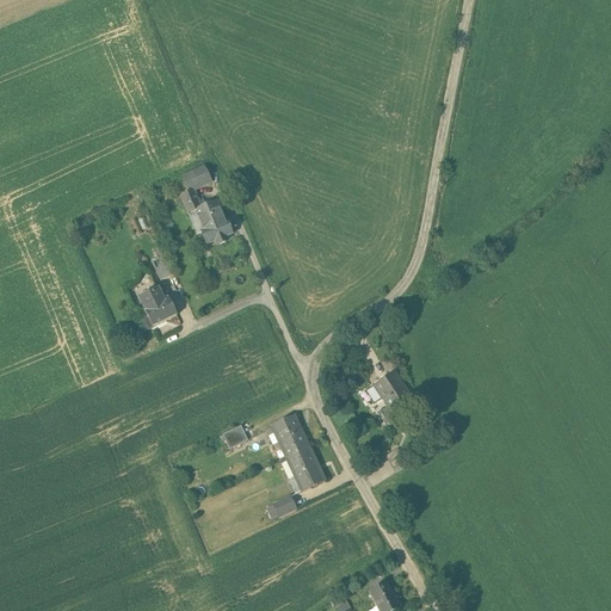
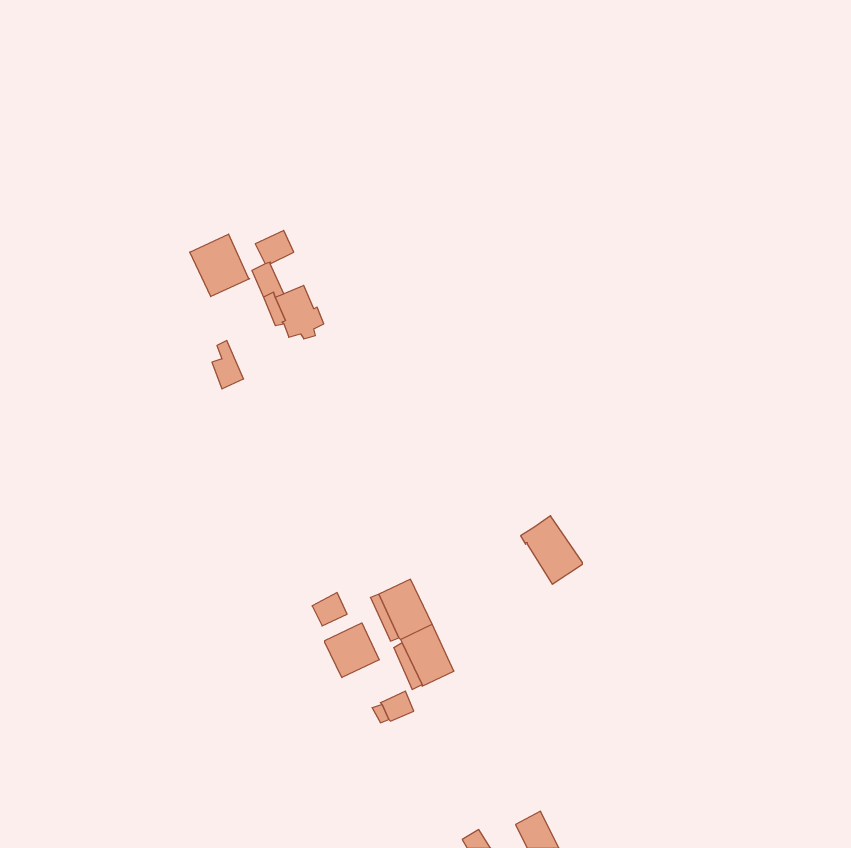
building: none -> [190,234,250,297]
building: [138,285,178,326] -> none
building: none -> [325,623,379,678]

